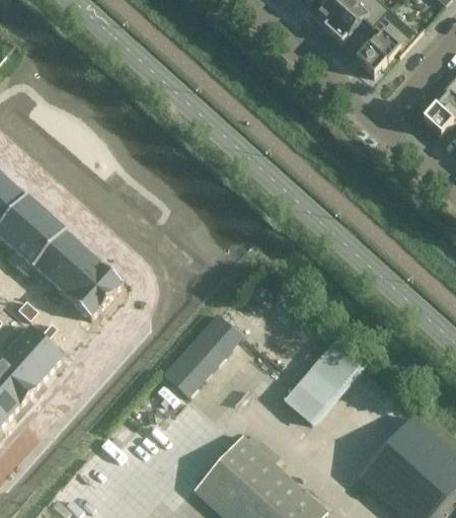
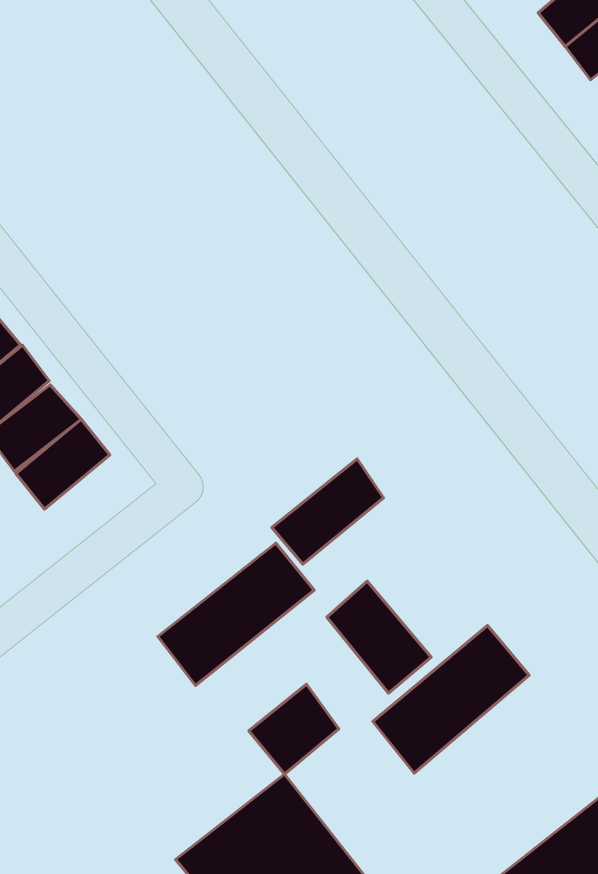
building: none -> [272,459,383,564]
building: none -> [327,581,431,693]
building: none -> [249,684,339,774]

